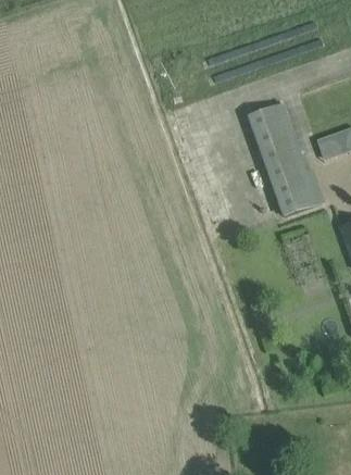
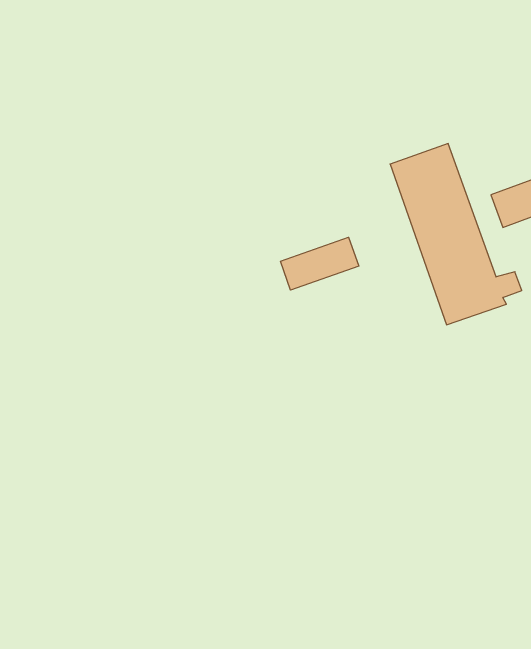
building: none -> [280,237,359,290]

